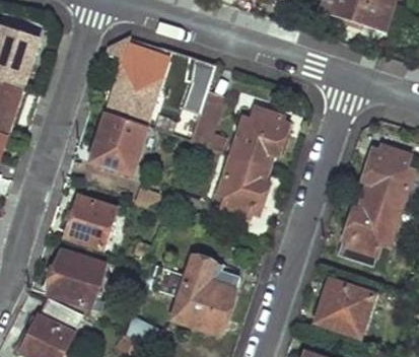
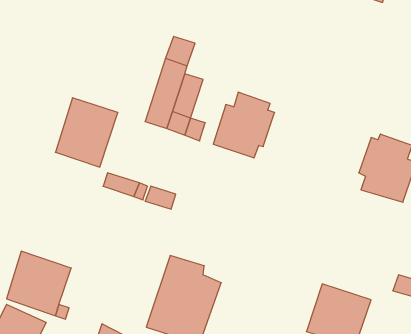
building: [106,48,169,127] -> none
building: [219,155,269,217] -> none
building: [342,196,401,254] -> none
building: [65,197,116,249] -> none

